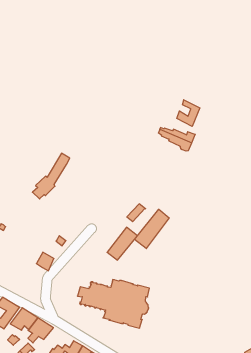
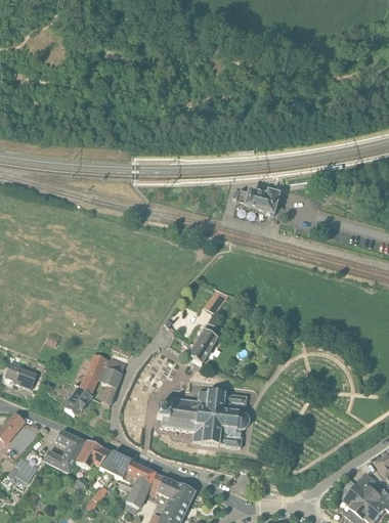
building: [177,100,200,126] -> none
building: [32,153,70,199] -> [64,353,106,415]
building: [135,209,169,249] -> none
building: none -> [120,461,159,488]

